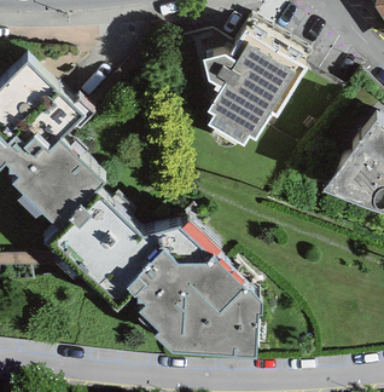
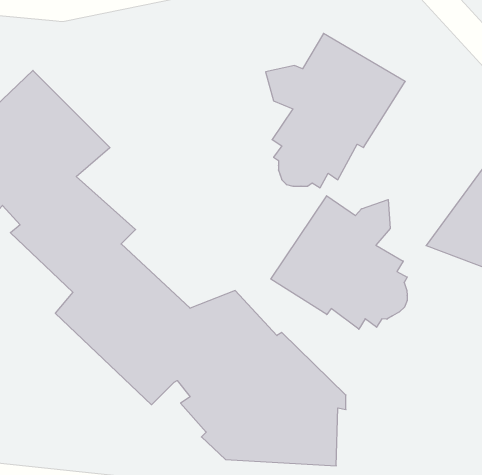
building: none -> [271,196,407,329]

